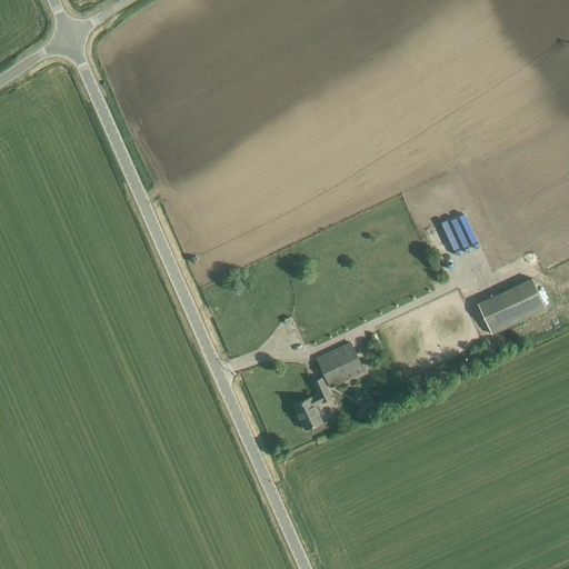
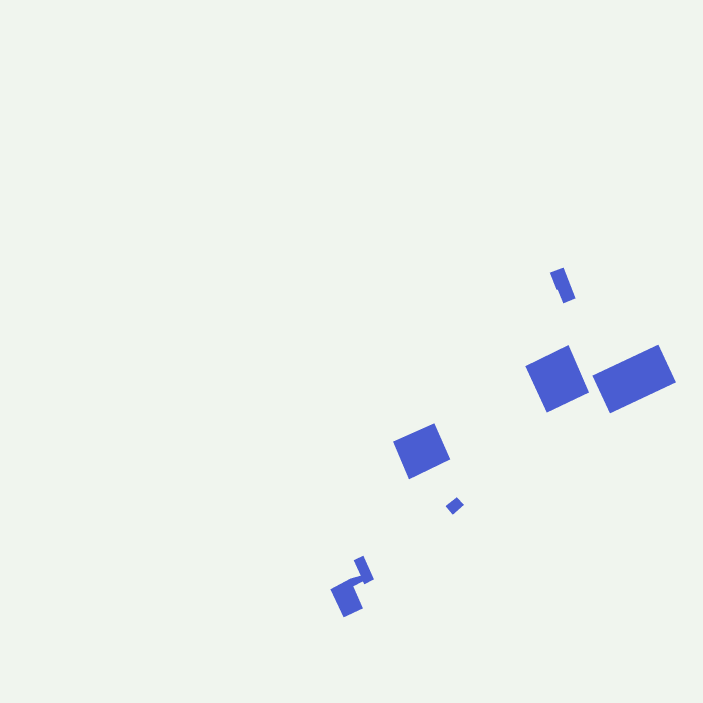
building: none -> [524,344,590,413]
building: [295,378,331,429] -> [330,555,375,618]

